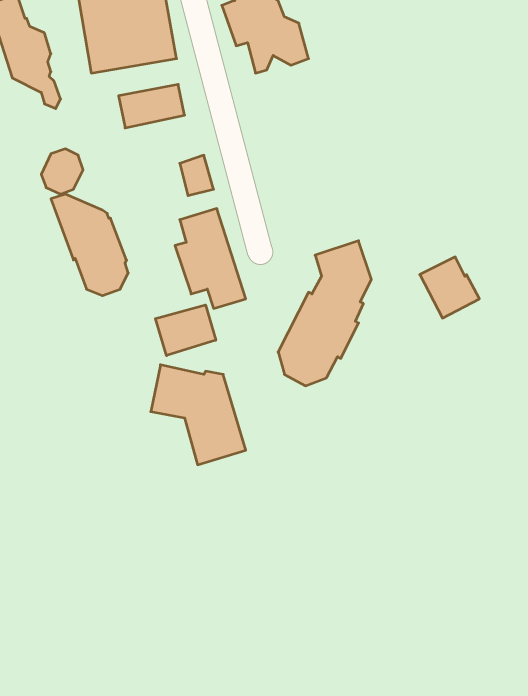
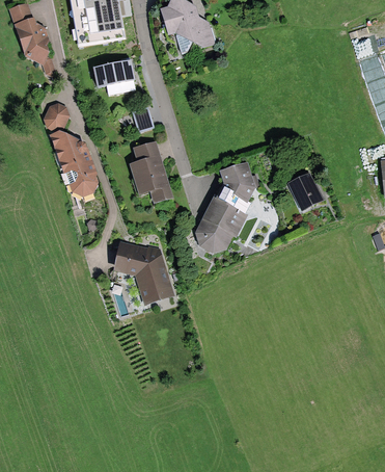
building: [155,305,216,356] -> none

